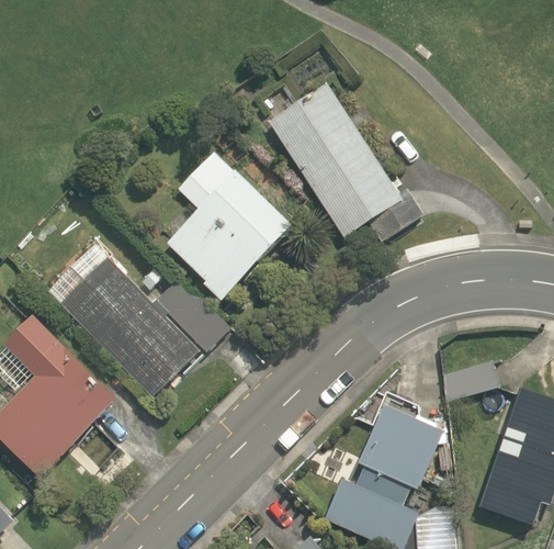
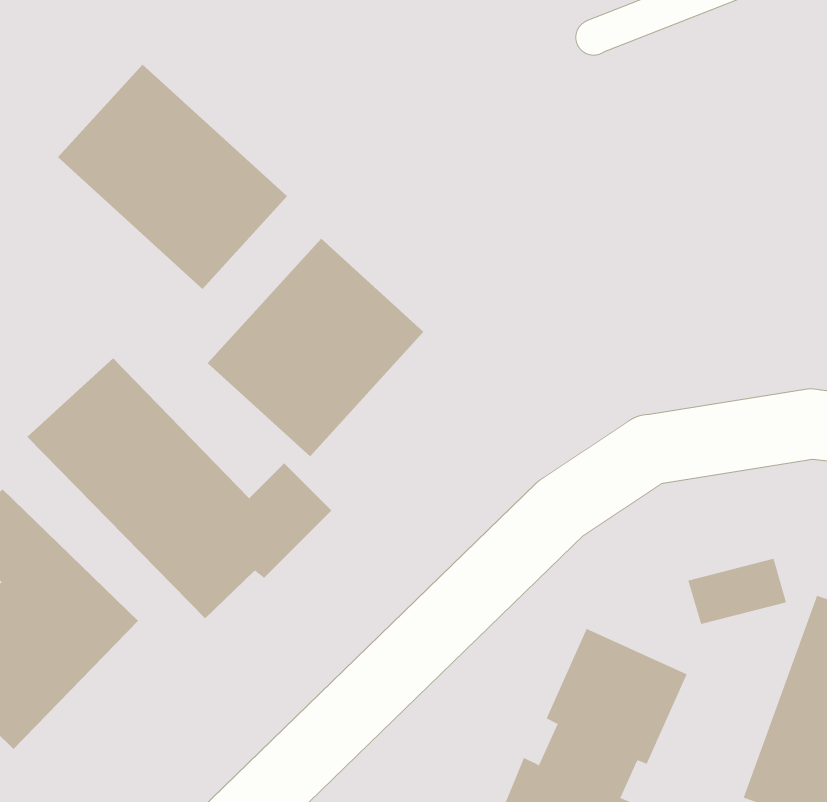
building: none -> [57,64,288,290]
building: [268,82,422,247] -> none

